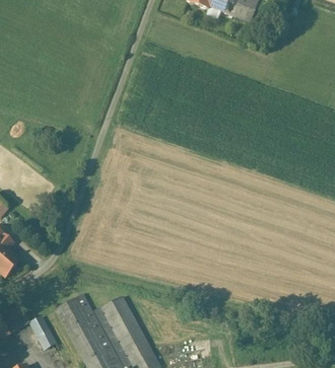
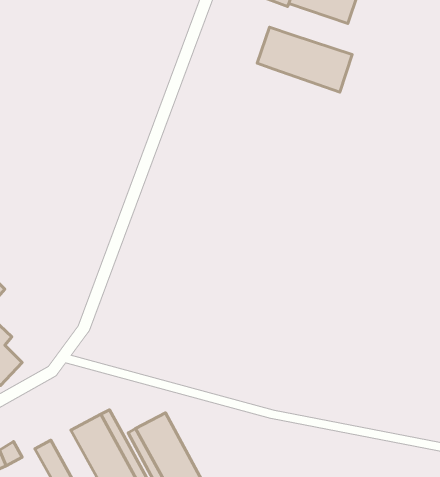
building: none -> [257,27,352,92]

